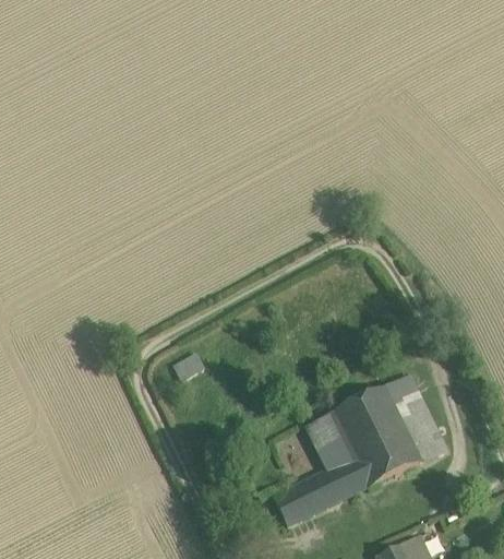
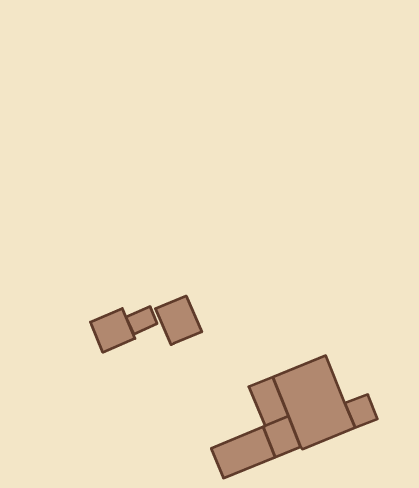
building: none -> [155,296,202,345]
building: none -> [90,308,135,352]
building: [385,374,433,436] -> none

